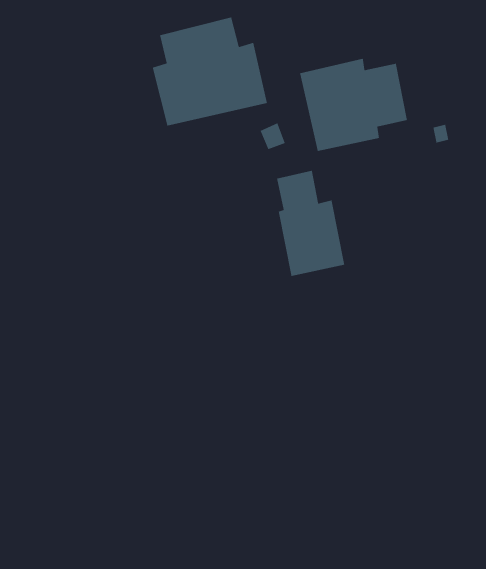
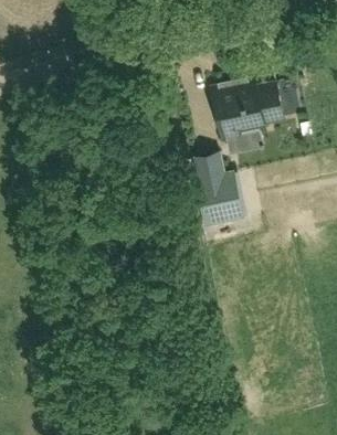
building: [152,16,268,127] -> none

